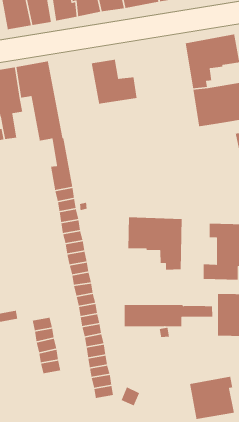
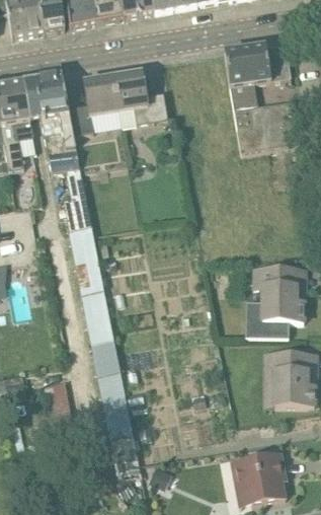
building: none -> [72,76,118,133]
building: [127,216,182,270] -> none
building: [124,304,213,327] -> none

